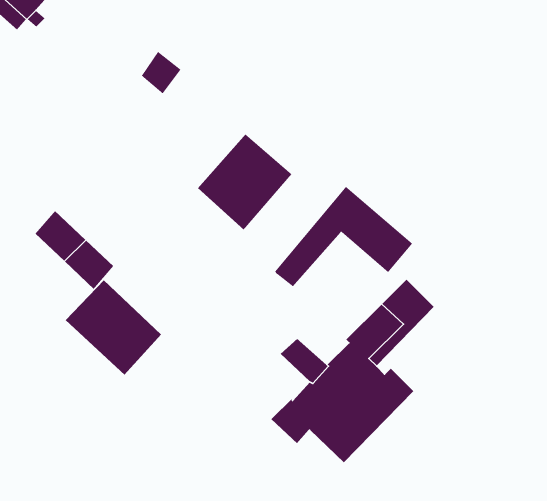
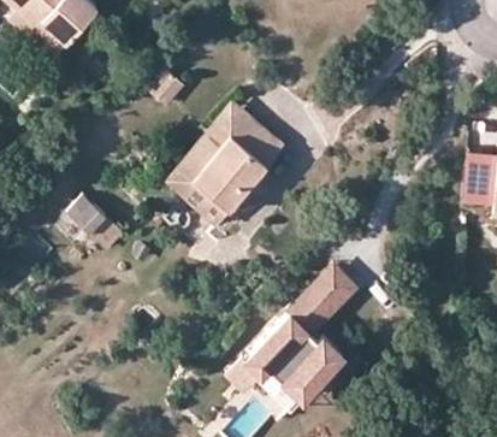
building: [274,186,413,287] -> [176,101,283,179]
building: [65,279,162,375] -> none

